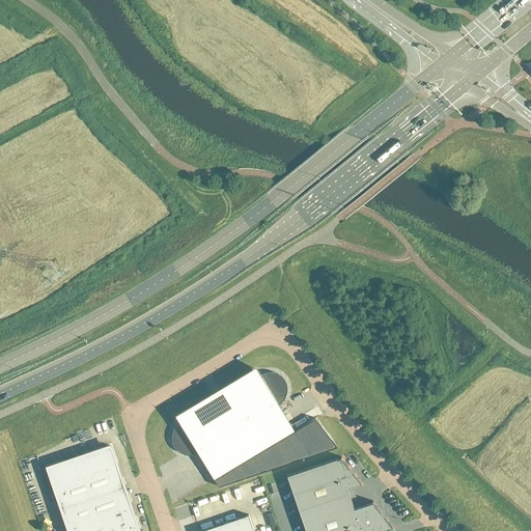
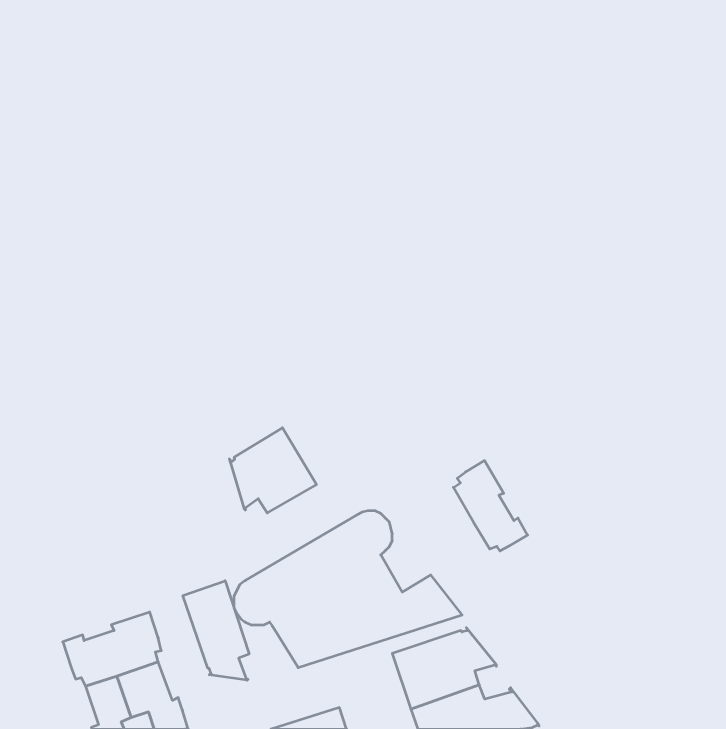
building: none -> [229,428,316,513]
building: none -> [453,461,528,551]
building: none -> [183,581,249,680]

